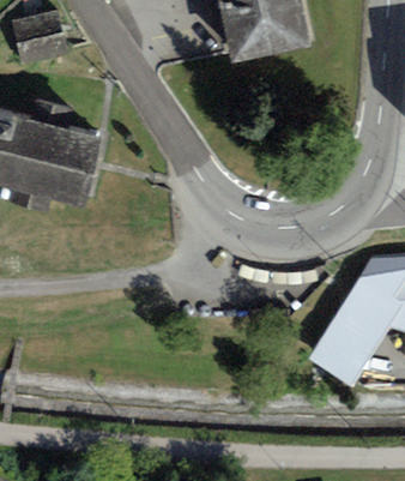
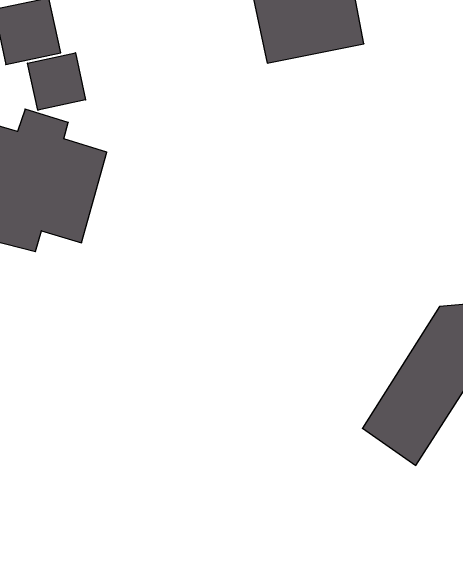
building: none -> [28,53,86,110]

